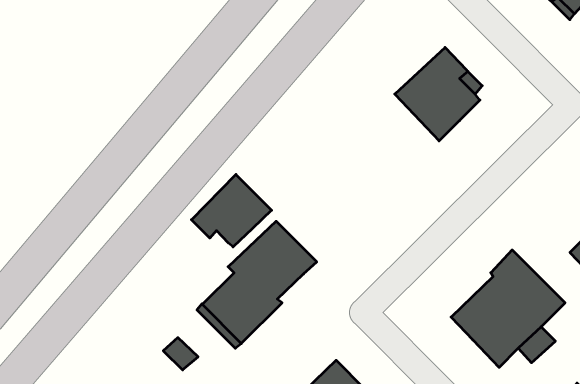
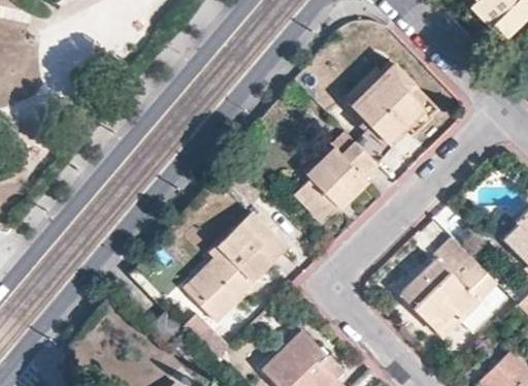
building: none -> [295,140,380,220]
building: [191,174,272,247] -> none

